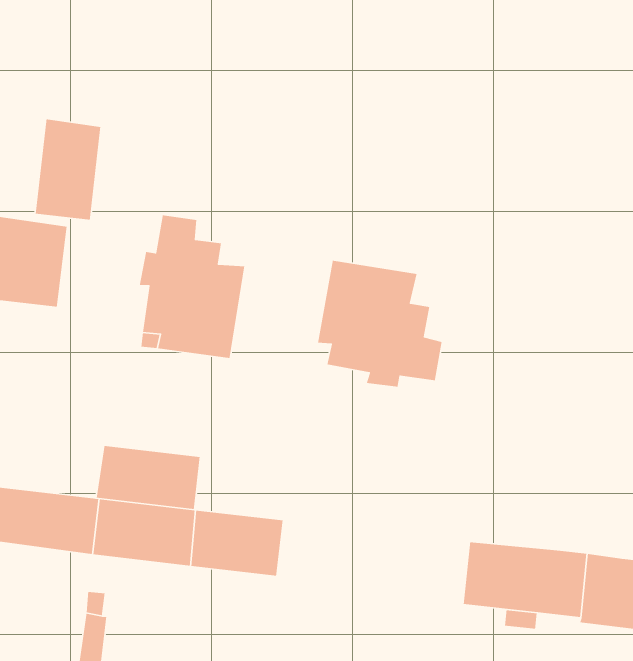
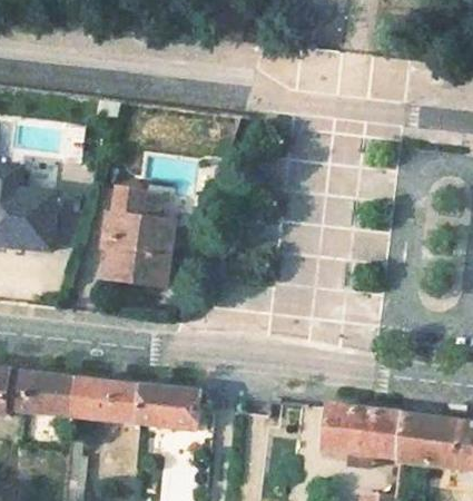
building: [35,119,101,220] -> none
building: [317,260,442,388] -> none
building: [96,445,201,510] -> none

